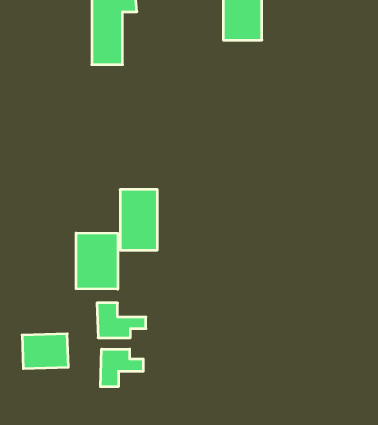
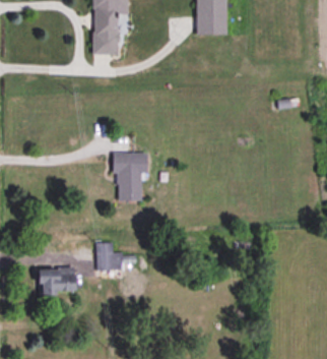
building: [76,233,118,289] -> none
building: [100,349,143,387] -> none

